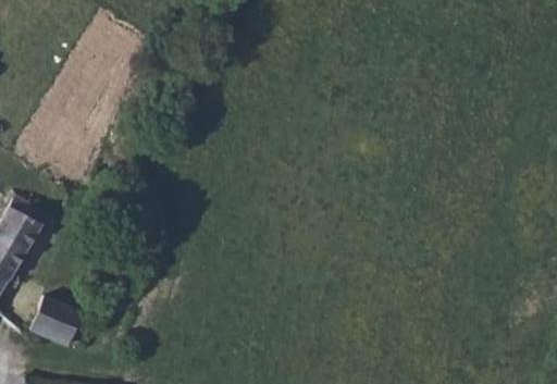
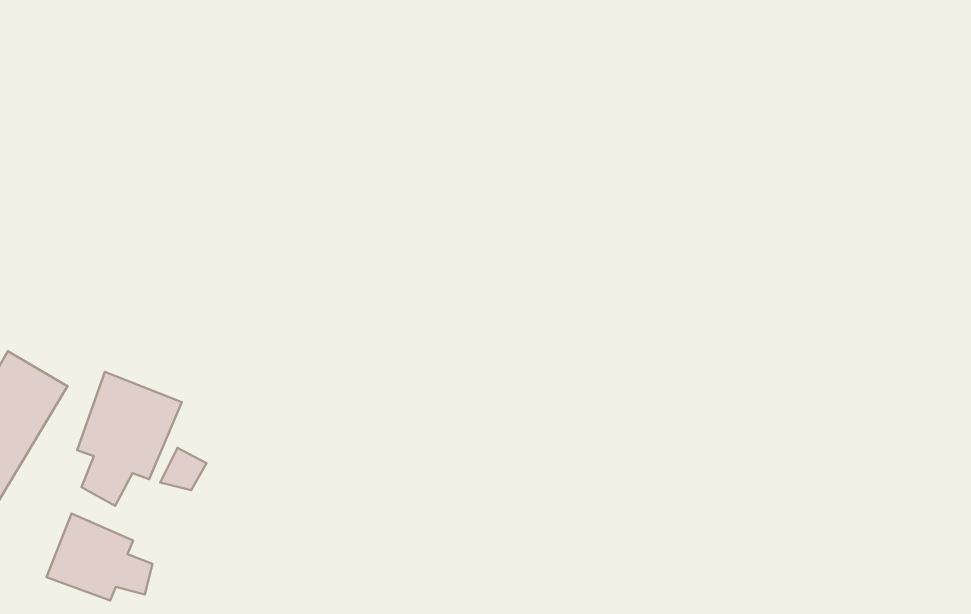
building: none -> [77,372,182,506]

